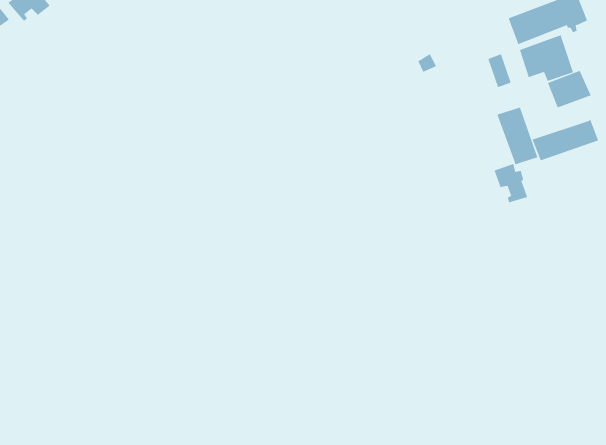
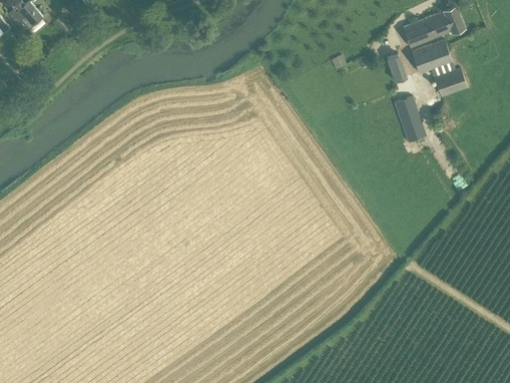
building: [532,119,599,161] -> none
building: [494,163,528,203] -> none

